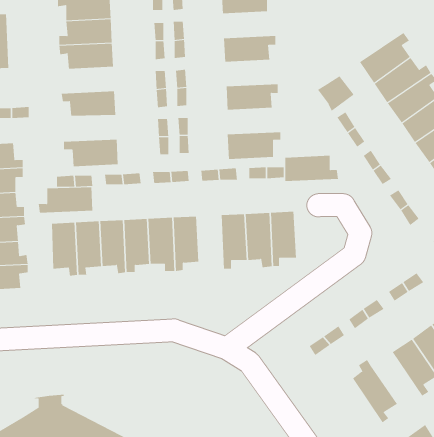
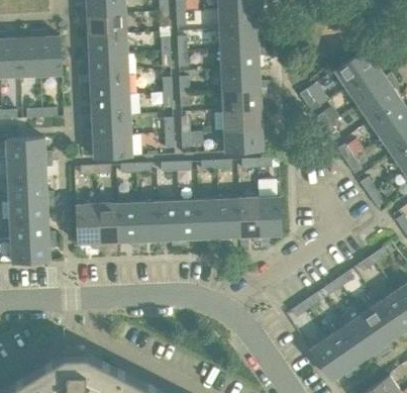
building: none -> [218,28,264,51]
building: none -> [37,30,61,76]
building: none -> [220,69,266,91]
building: none -> [83,75,128,97]
building: [285,155,339,182] -> [222,109,268,131]
building: [38,187,93,213] -> [84,115,130,137]
building: none -> [197,199,219,244]
building: none -> [343,314,386,358]
building: none -> [310,336,352,380]

